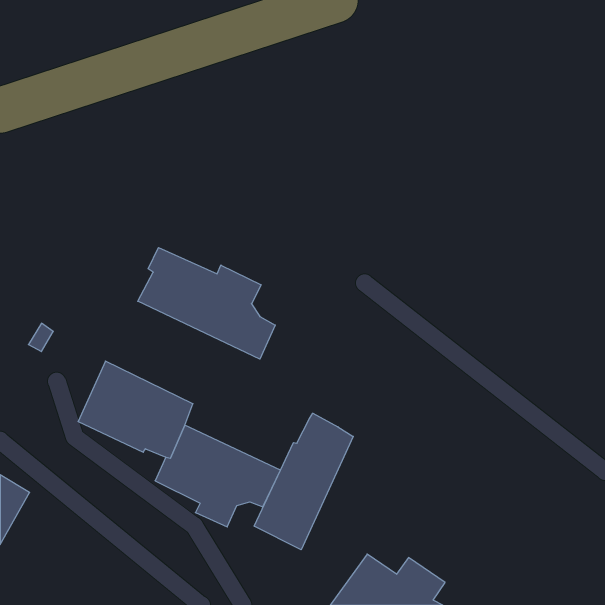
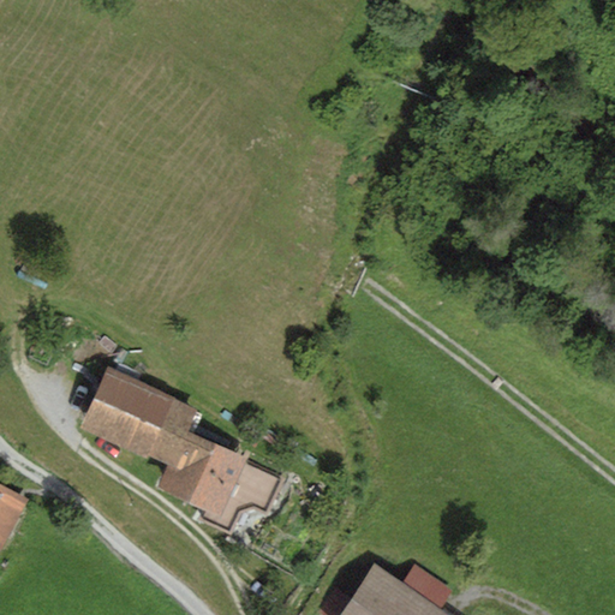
building: [138,248,275,359] -> none
building: [254,413,353,550] -> none

